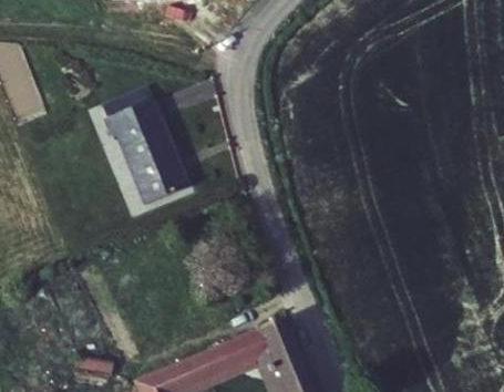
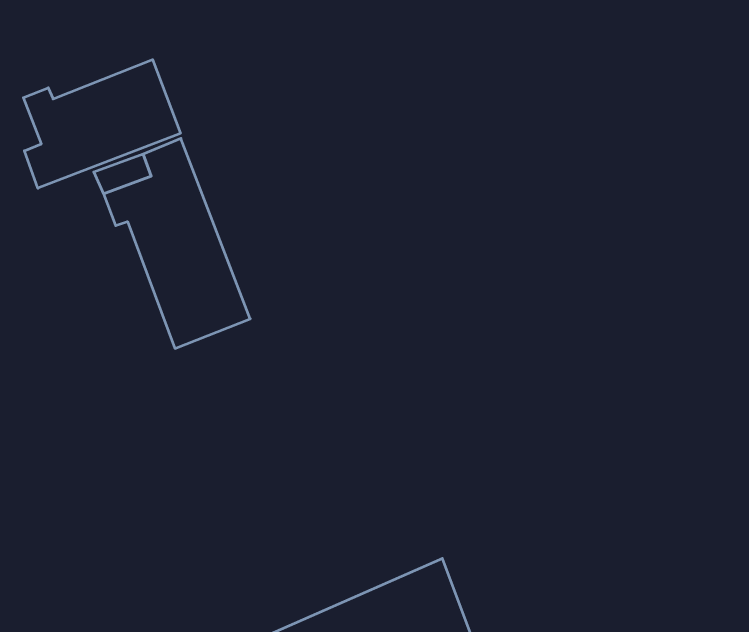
building: none -> [23,60,180,188]

